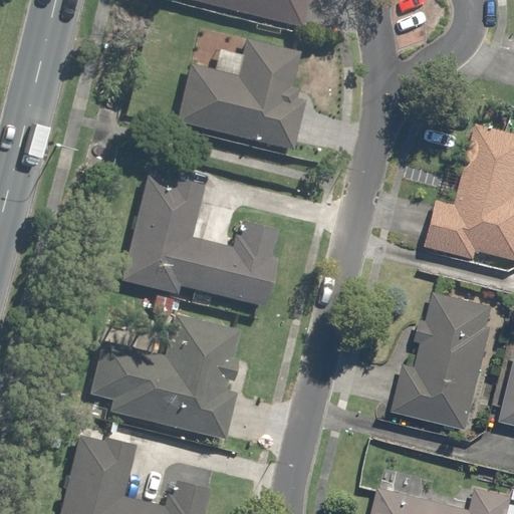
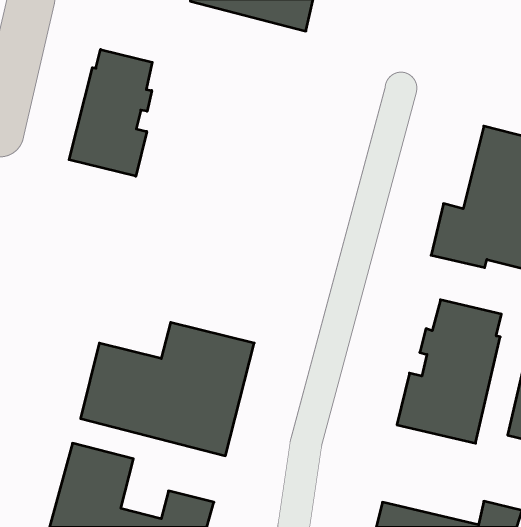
building: [175,36,306,152] -> none
building: none -> [69,49,152,176]
building: [119,172,283,313] -> none

